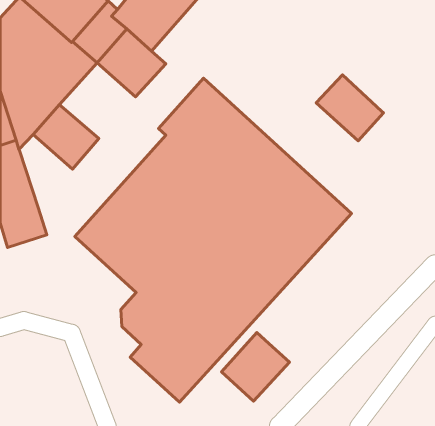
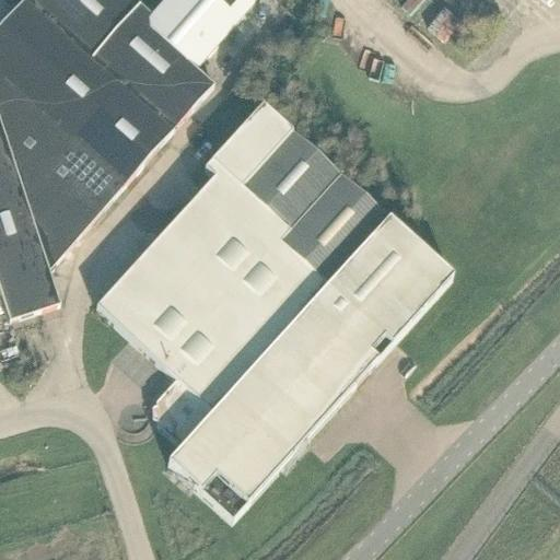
building: none -> [77,81,174,178]
building: [316,75,384,141] -> none
building: none -> [24,173,93,267]
building: [222,332,290,401] -> none

